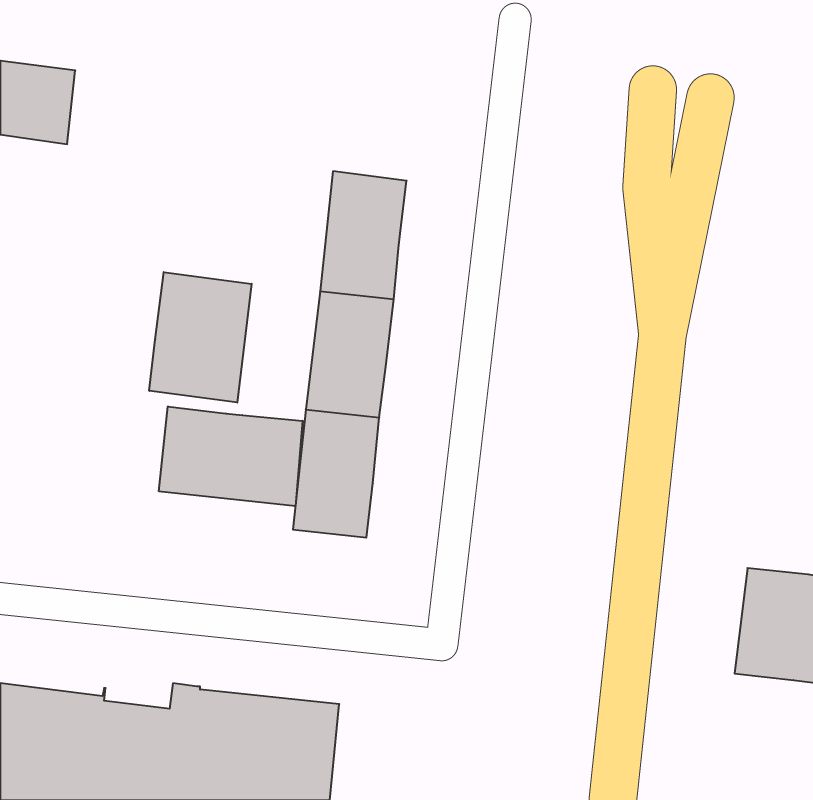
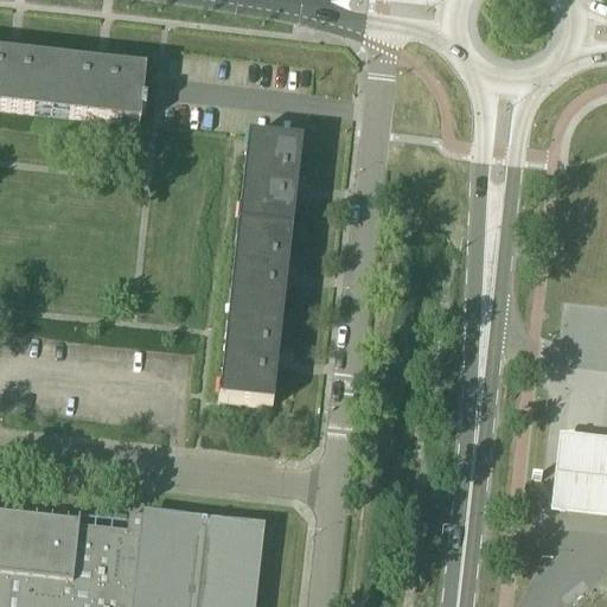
building: none -> [53,52,148,116]
building: [149,272,252,403] -> none
building: [159,406,303,506] -> none

